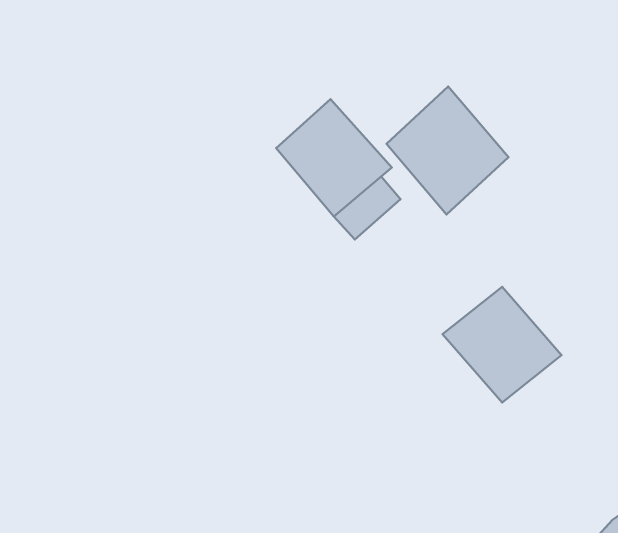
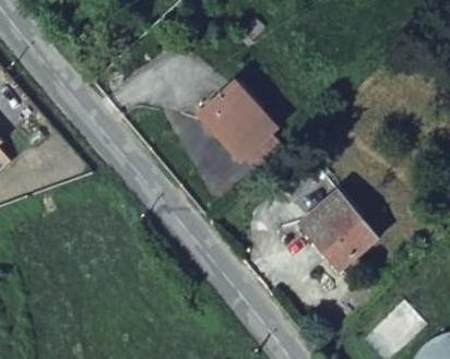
building: [387,87,508,214] -> none

